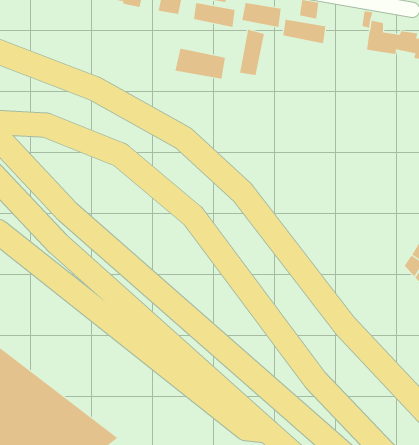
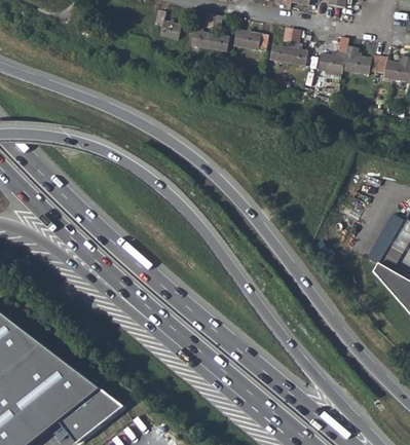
building: none -> [316,51,343,73]
building: [240,29,265,76] -> none
building: [175,48,226,79] -> none

